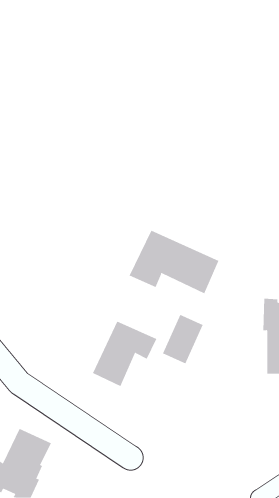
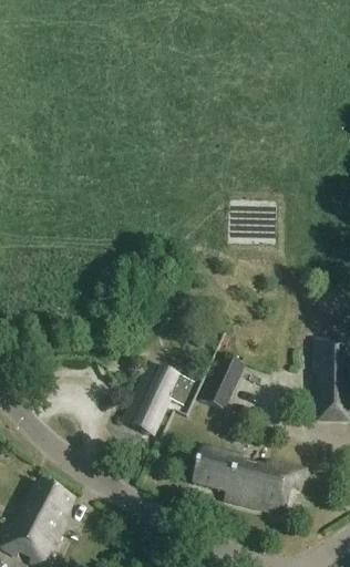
building: [129,230,219,294] -> none
building: none -> [195,443,310,516]

